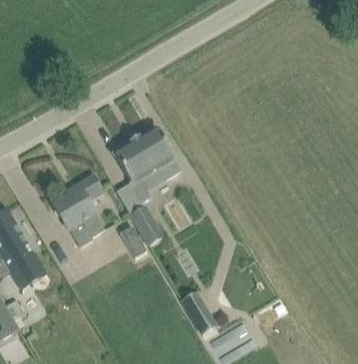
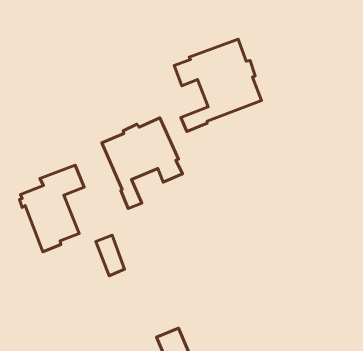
building: none -> [174,39,262,131]
building: [129,205,163,244] -> none

